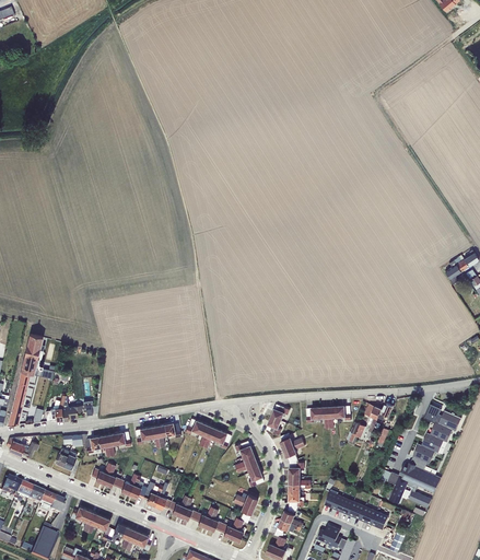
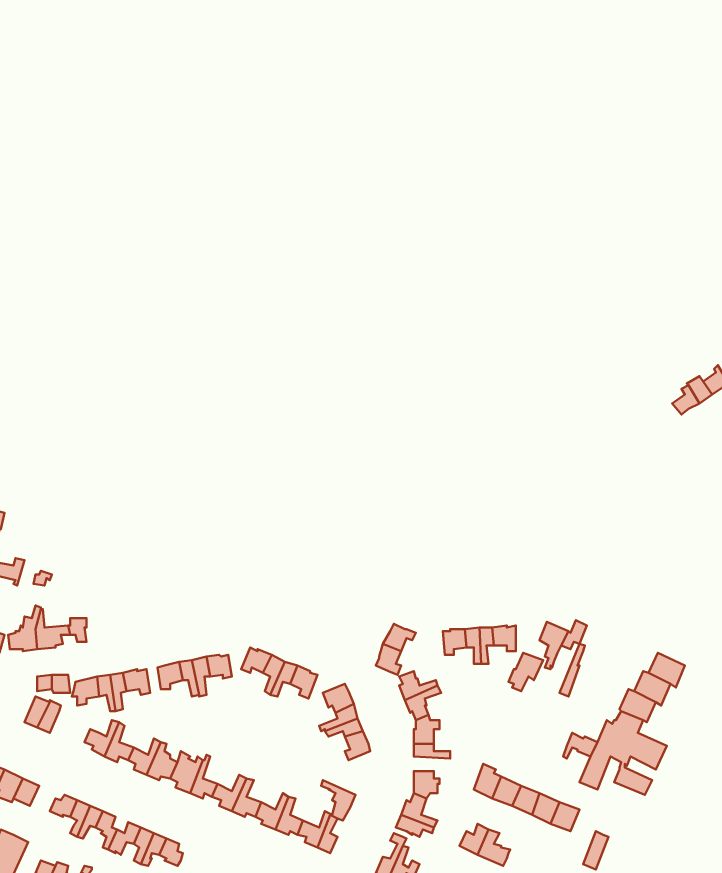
building: [423,405,460,431] -> none

